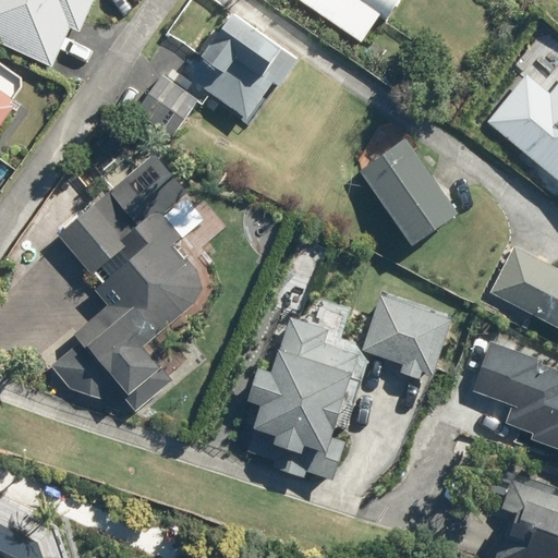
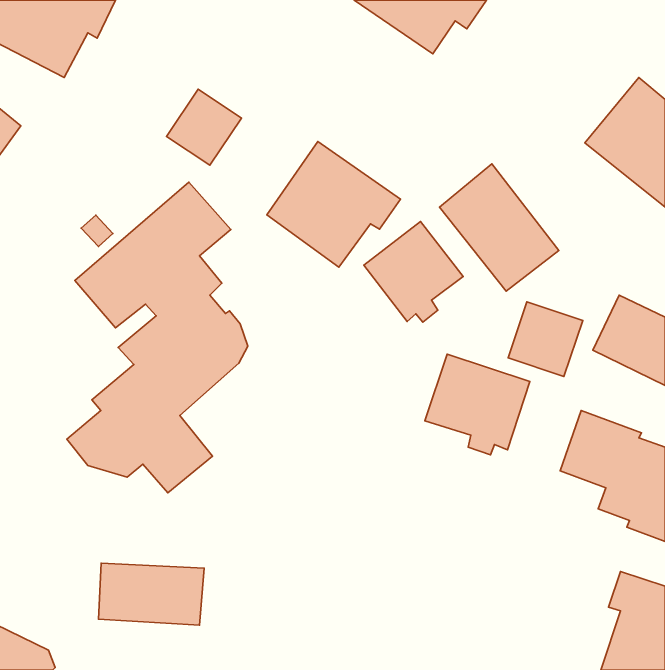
building: [190,12,301,117] -> [267,141,401,267]
building: none -> [364,221,463,322]
building: none -> [508,302,583,377]
building: [234,317,349,478] -> none
building: none -> [98,563,204,625]

